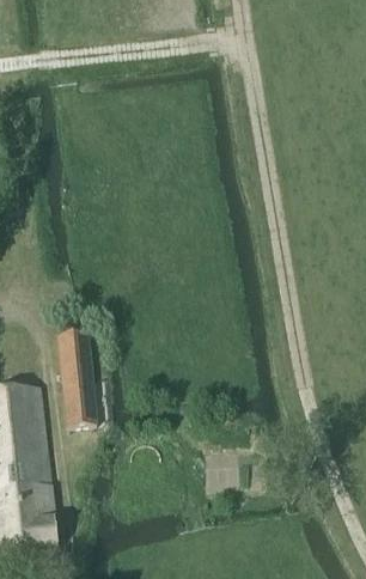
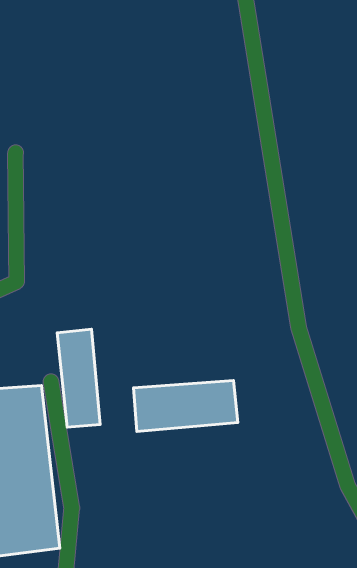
building: none -> [134,381,238,431]

